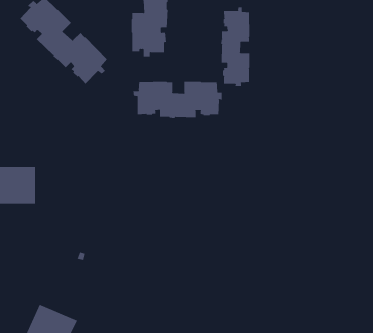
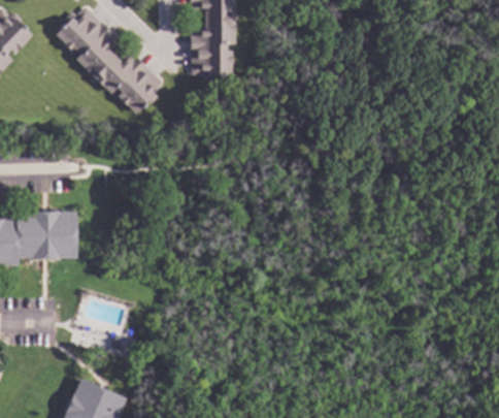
building: [221,6,250,87] -> none
building: [133,81,222,119] -> none

